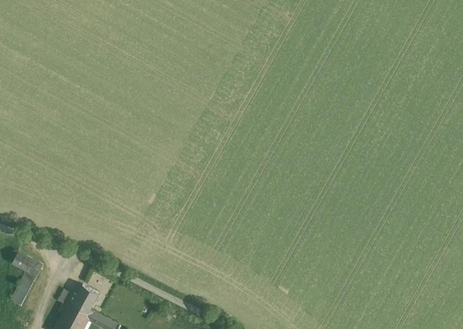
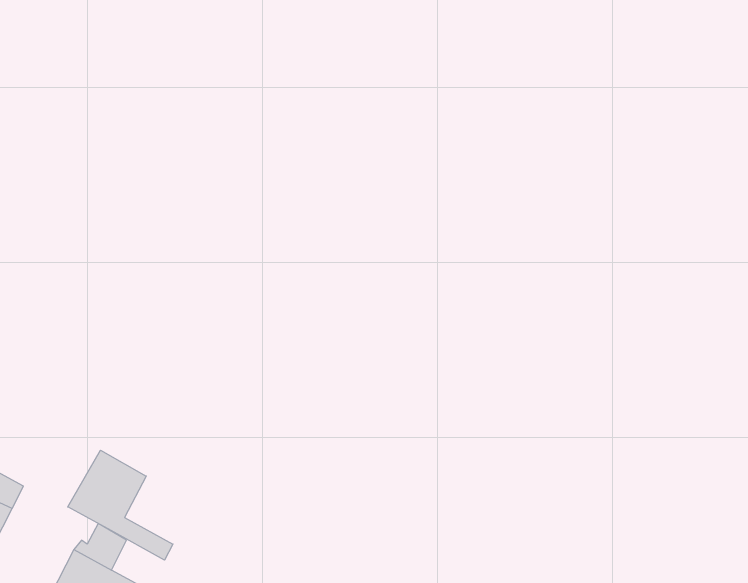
building: none -> [68,450,173,560]

